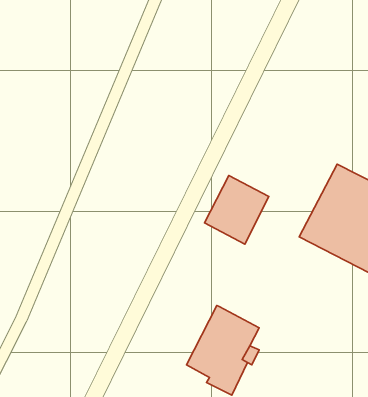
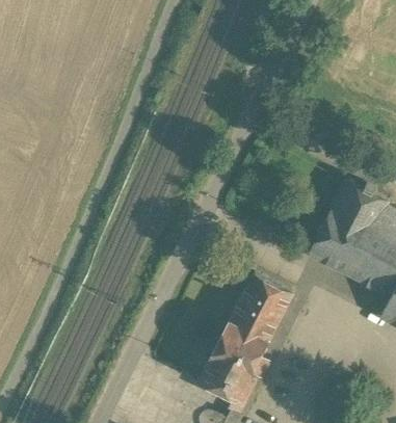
building: [205,175,269,244] -> [233,276,296,344]

